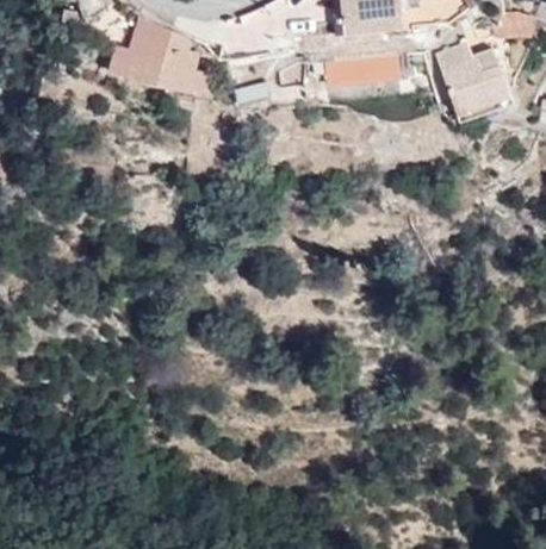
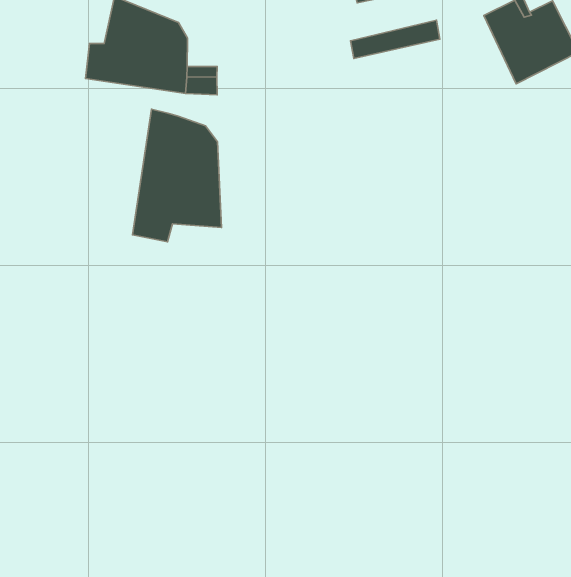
building: none -> [133,109,221,242]

